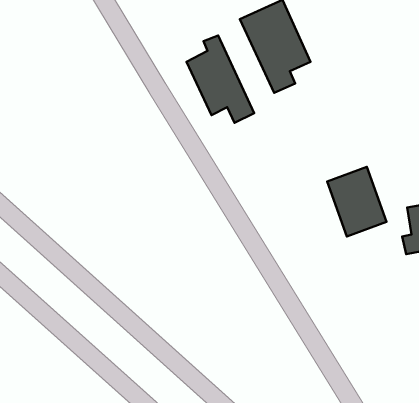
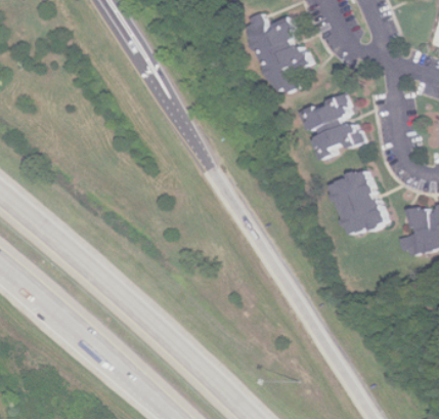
building: [186,35,254,123] -> none
building: none -> [300,93,362,158]

